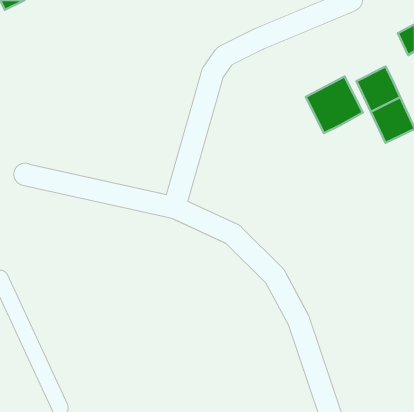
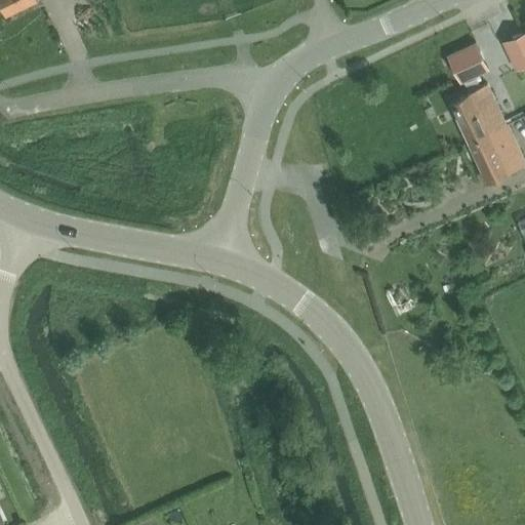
building: none -> [448,45,489,86]
building: [306,76,363,133] -> none

